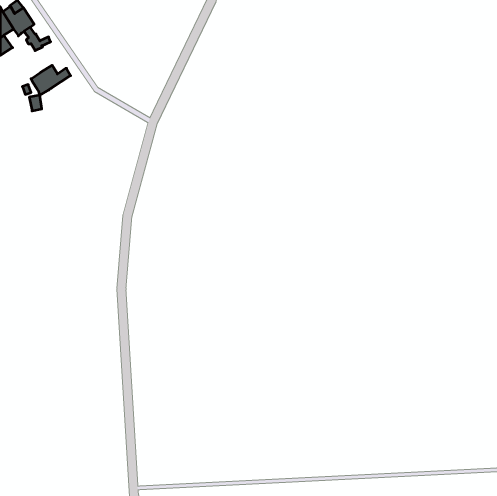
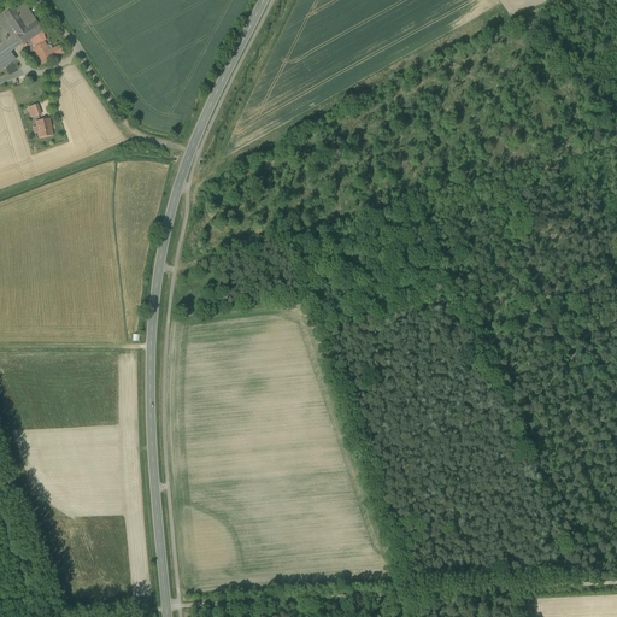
building: [31,65,71,95] -> none

